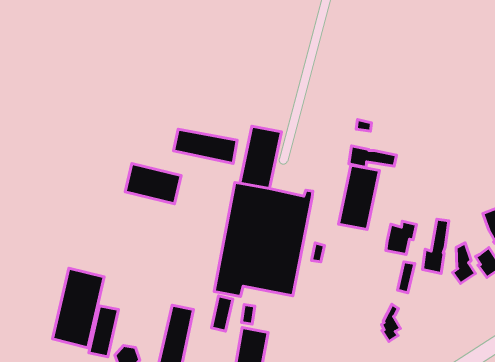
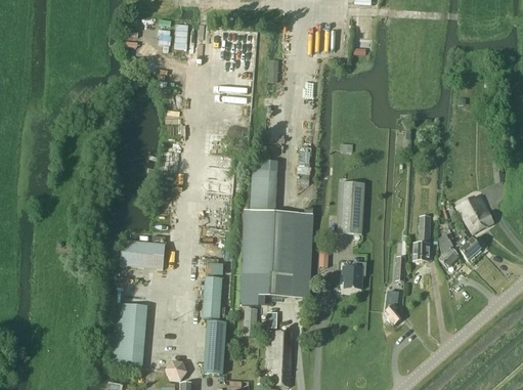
building: [173,129,237,163] -> none
building: [349,146,397,168] -> none
building: [125,163,181,204] -> [121,241,166,269]
building: [386,221,416,255] -> [344,260,366,288]
building: [89,306,118,357] -> [203,275,222,317]

